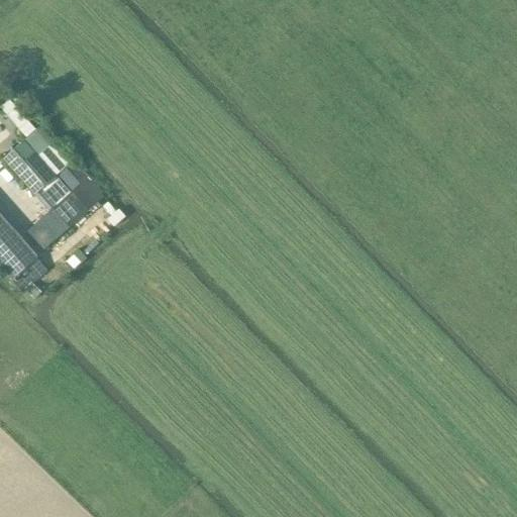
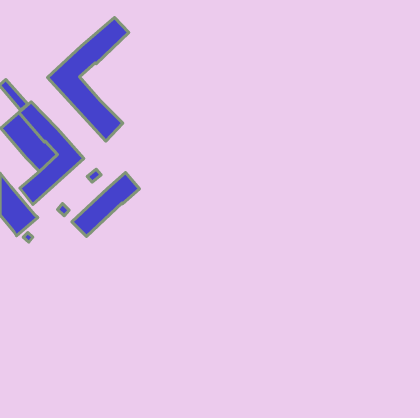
building: none -> [47,18,129,141]
building: none -> [72,172,140,237]

